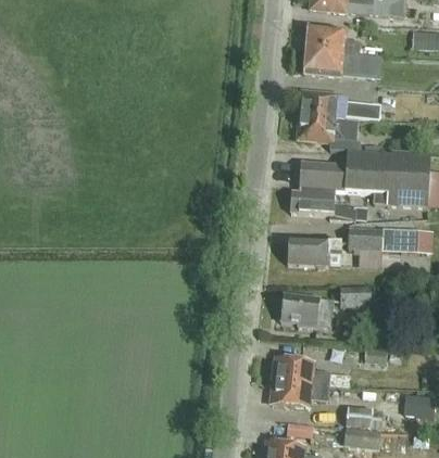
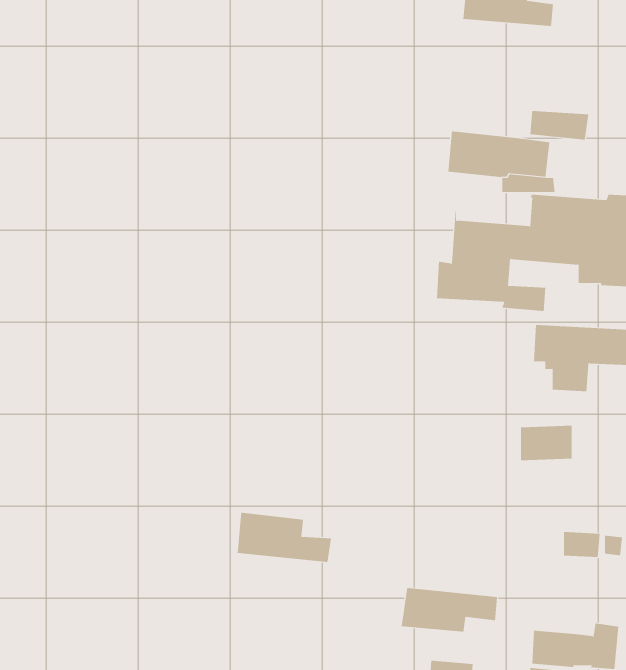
building: [304,49,382,79] -> none
building: [300,90,348,118] -> none
building: [287,239,341,265] -> none
building: [280,293,333,328] -> none
building: [274,356,329,385] -> [237,512,332,562]

